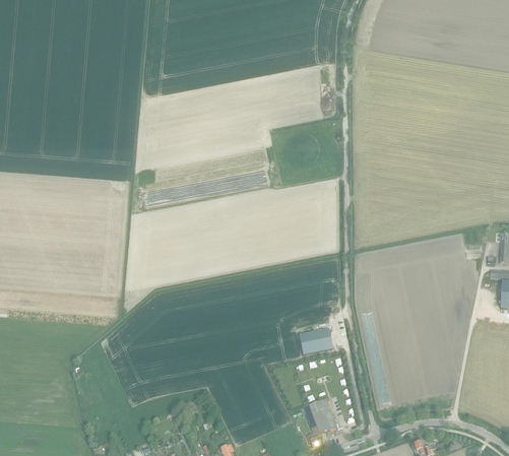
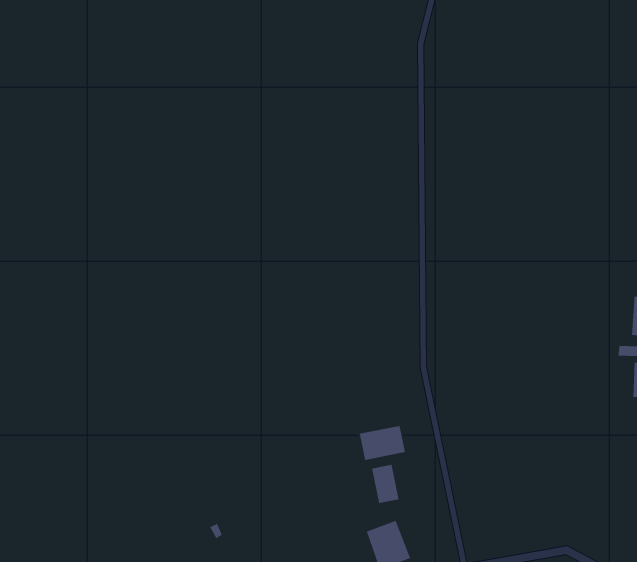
building: none -> [371,464,399,504]

